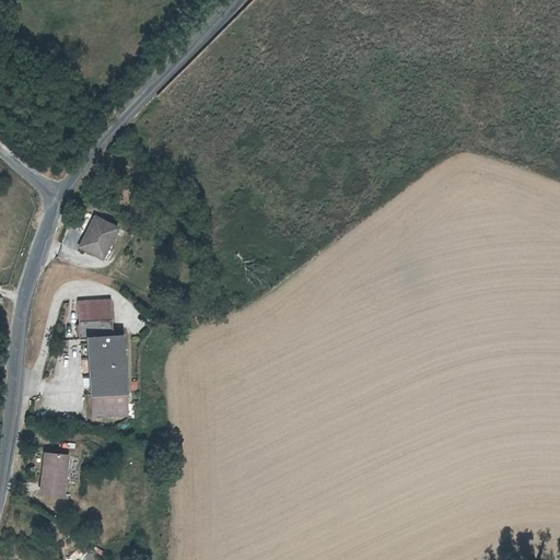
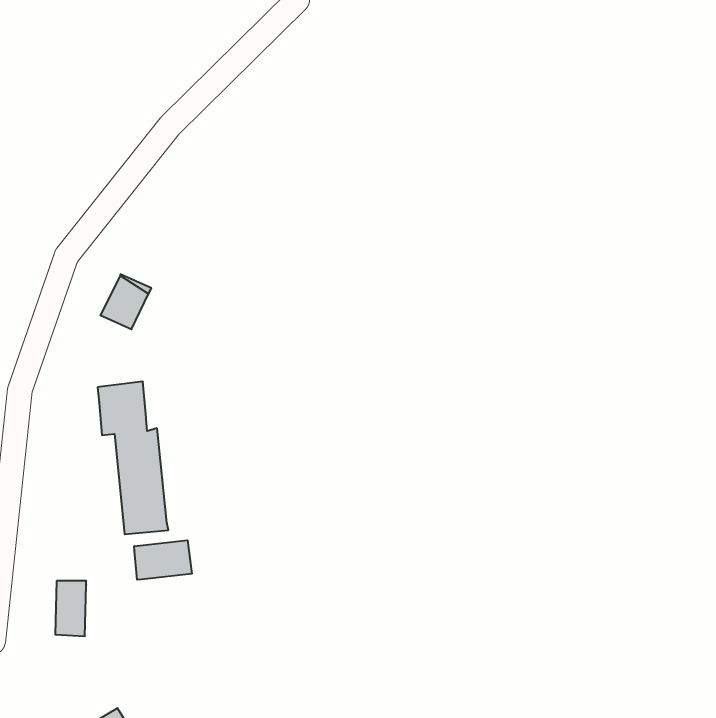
building: none -> [134,540,192,580]

